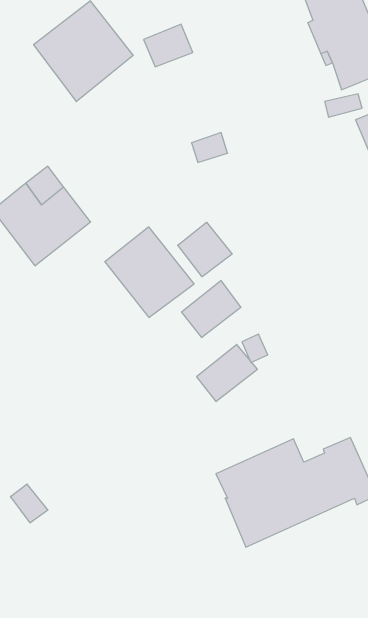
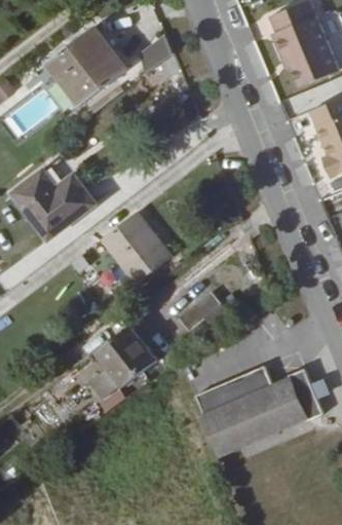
building: [178,222,232,277] -> none
building: [182,281,241,338] -> none
building: none -> [88,332,156,404]

